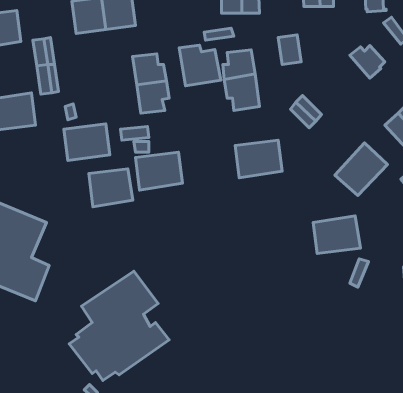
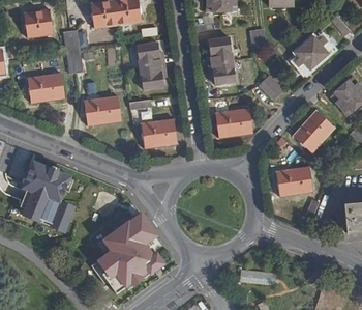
building: [179,45,221,86] -> none
building: none -> [294,44,320,72]
building: [89,169,133,207] -> none

